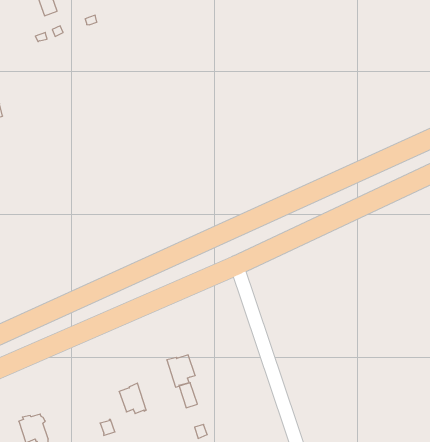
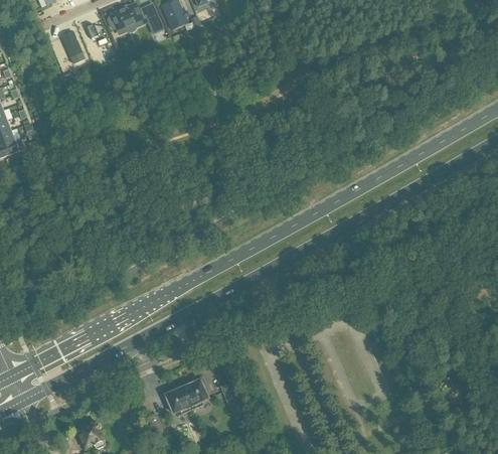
building: [167,355,195,387] -> [181,379,208,409]

